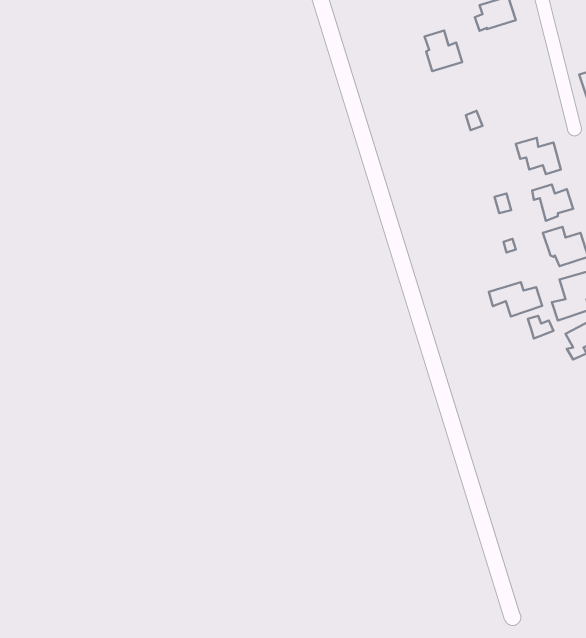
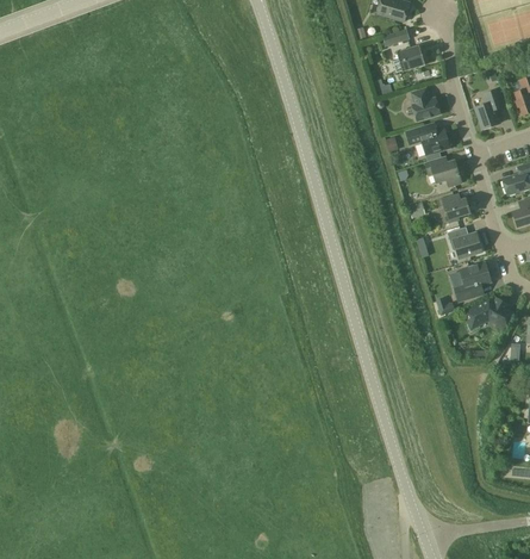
building: [425,30,462,71] -> [411,87,441,119]
building: none -> [406,125,450,154]
building: [489,282,542,316] -> none

